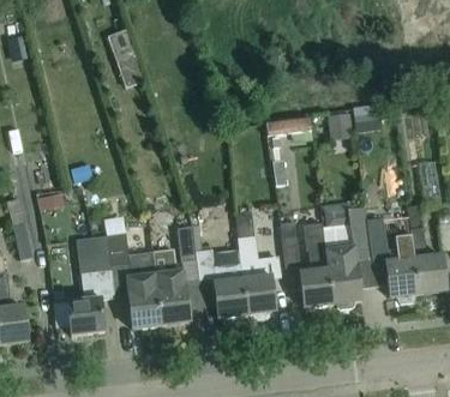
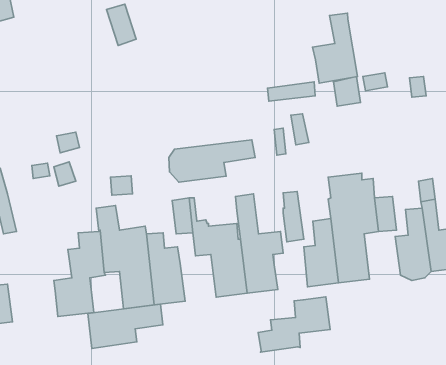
building: none -> [313,13,357,83]
building: none -> [169,140,255,182]
building: none -> [258,297,330,352]
building: none -> [88,304,163,349]

